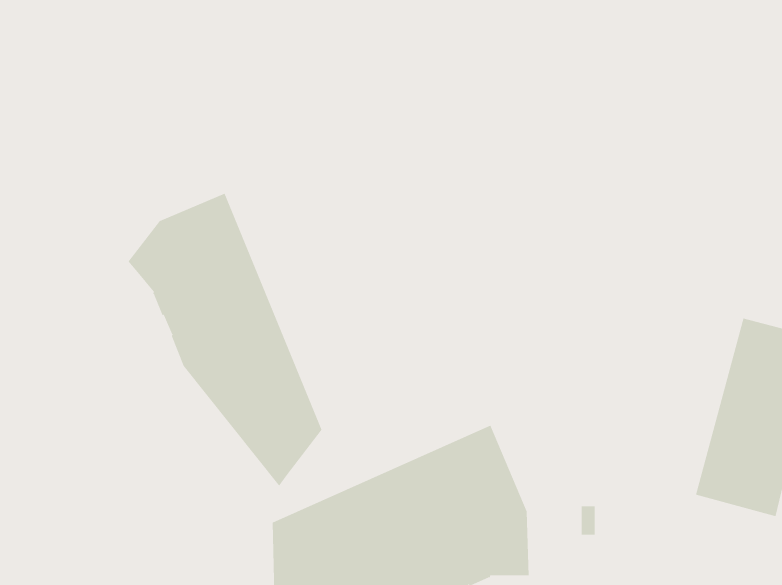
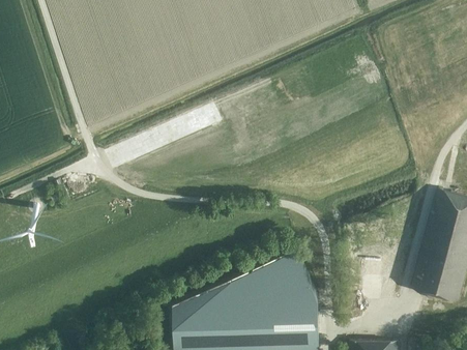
building: [128,193,322,486] -> none

